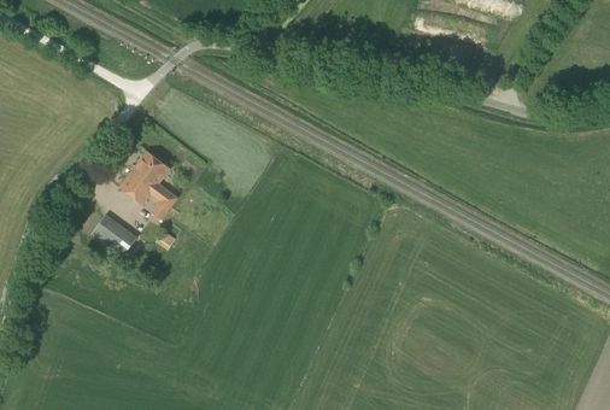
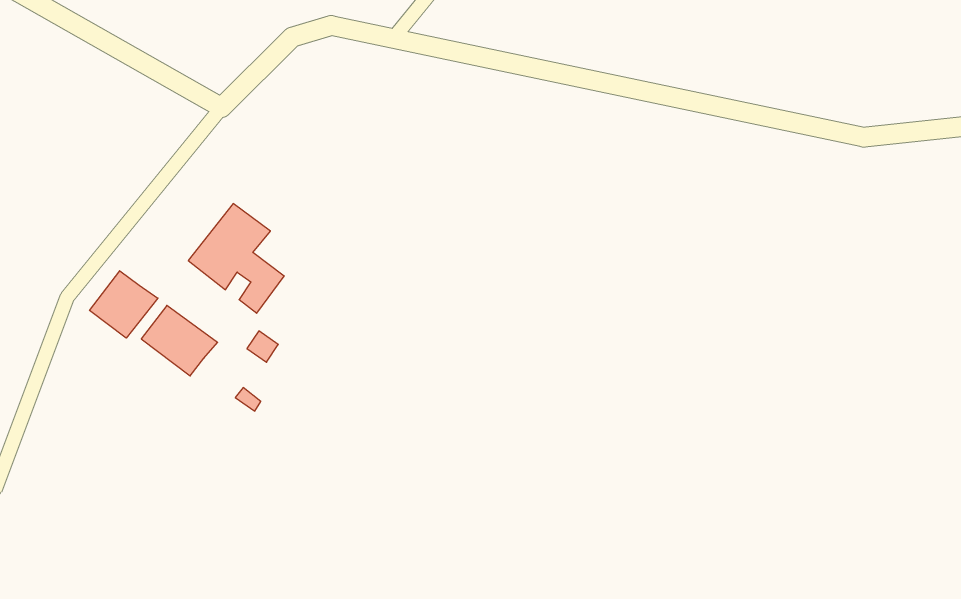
building: none -> [90,271,158,338]

